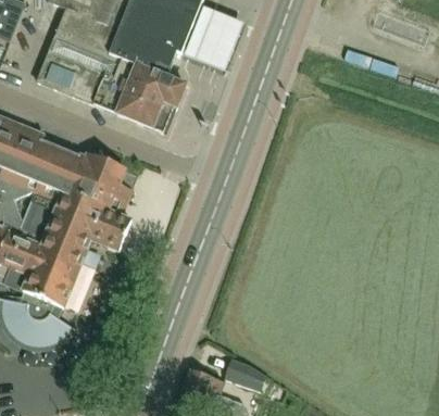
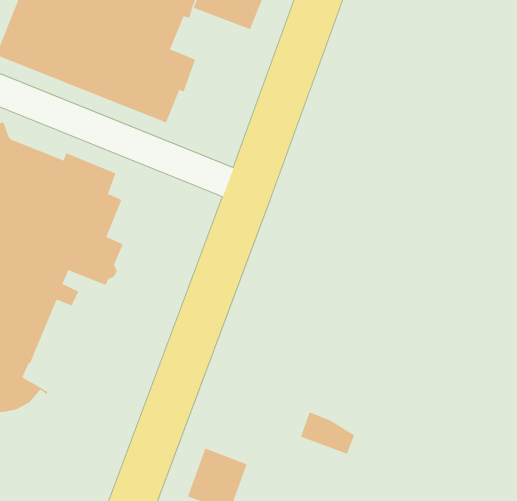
building: [225,358,265,390] -> [300,412,355,454]

